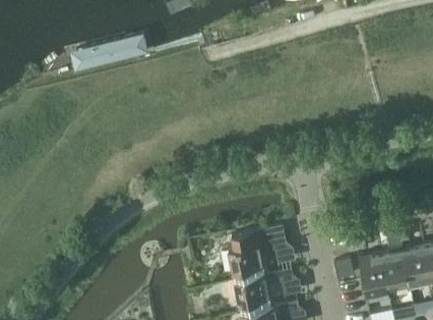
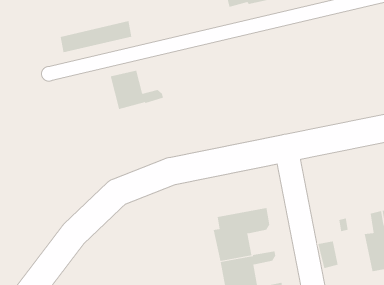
building: none -> [110,70,164,110]
building: [362,251,391,294] -> none

